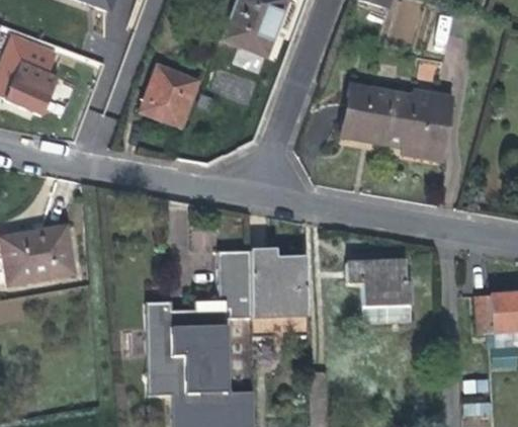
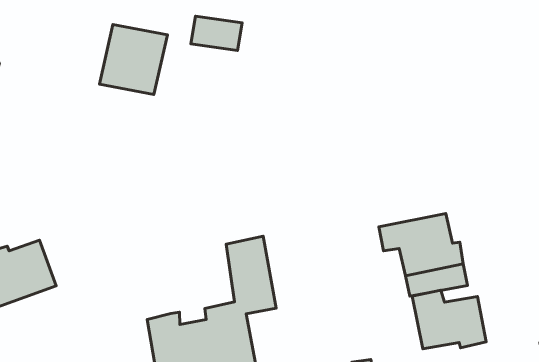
building: [337,86,445,150] -> none
building: [252,249,309,331] -> none
building: none -> [412,290,486,349]

